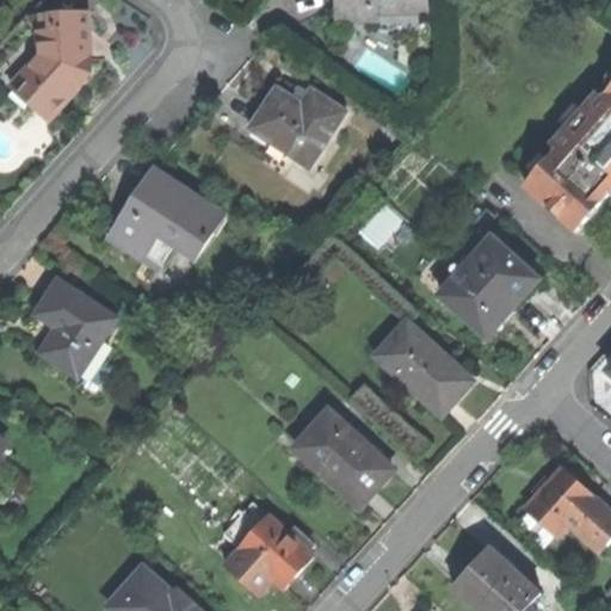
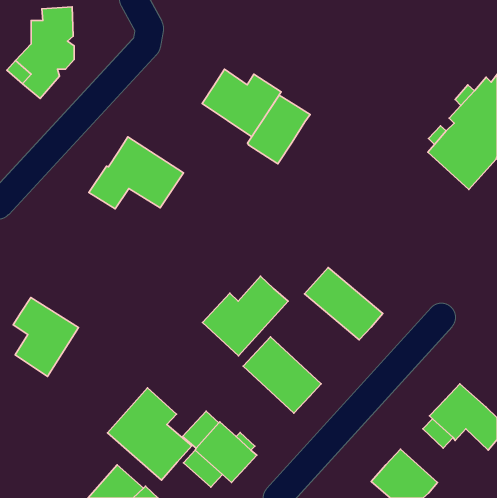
building: none -> [248,95,310,164]
building: [443,235,539,332] -> none
building: [37,278,117,375] -> [13,297,79,376]
building: none -> [202,276,288,356]
building: none -> [108,388,192,480]

